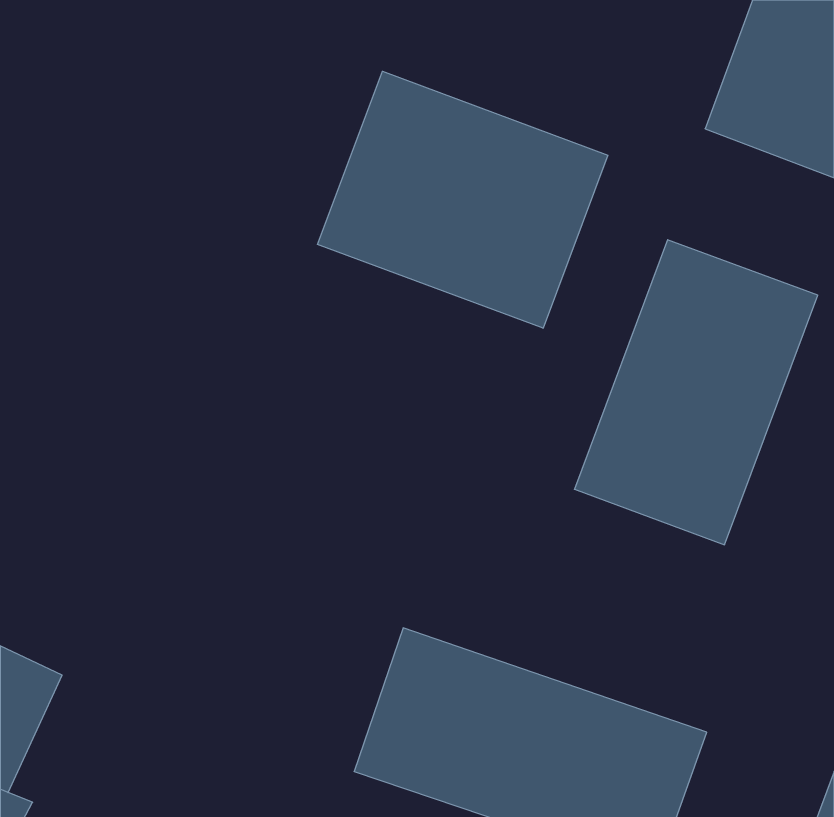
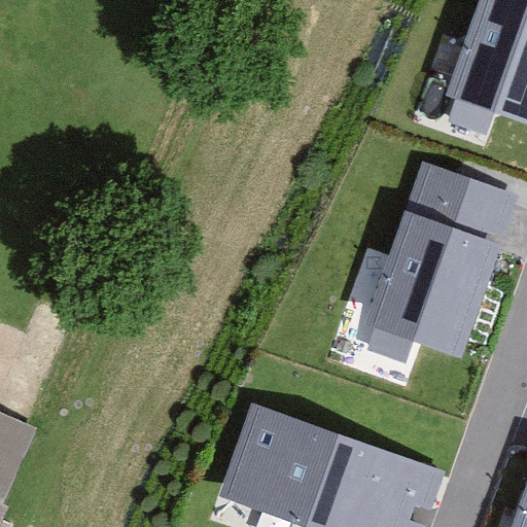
building: [318,71,608,328] -> none

